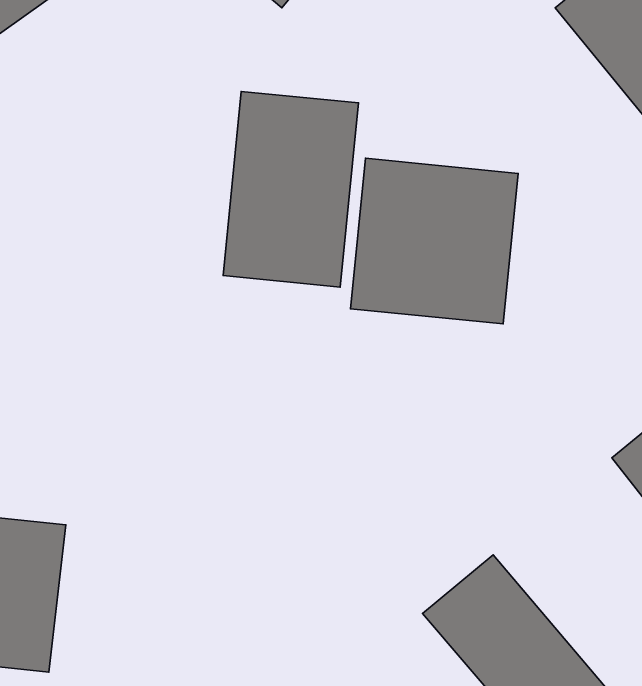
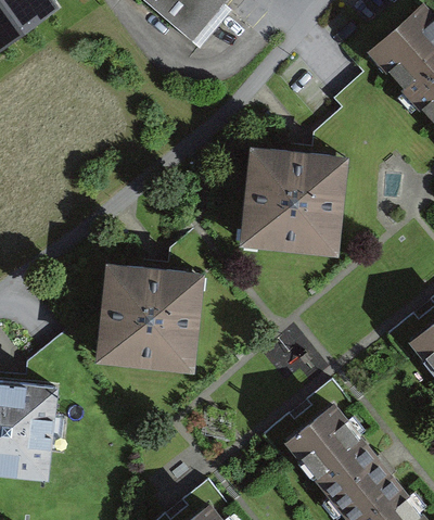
building: [223,91,358,287] -> none
building: none -> [91,263,203,371]

